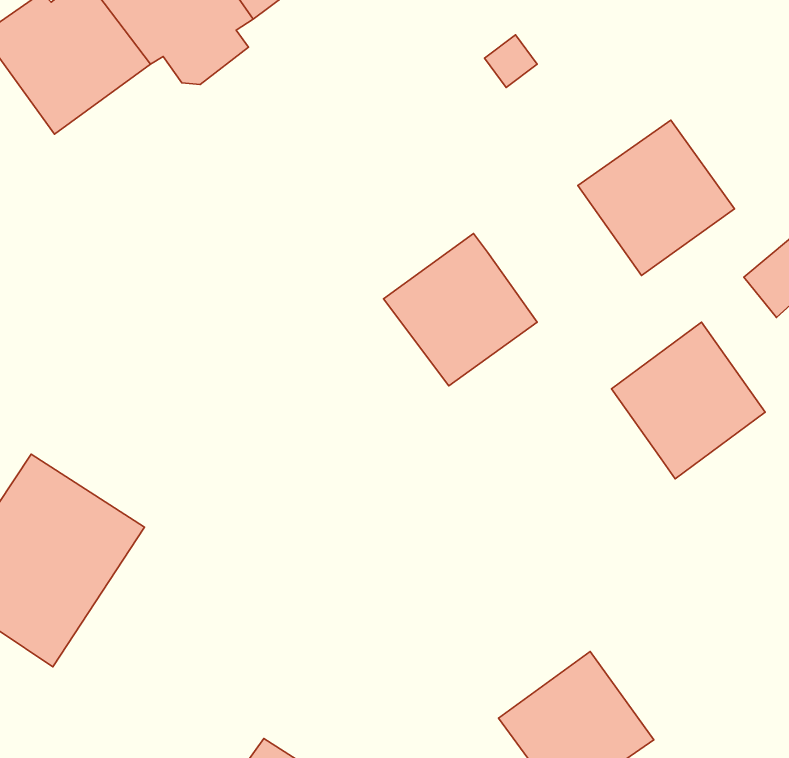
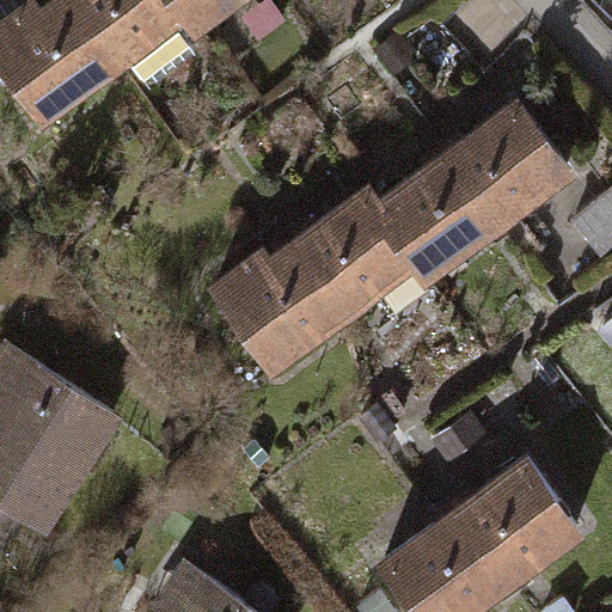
building: none -> [218,241,348,363]
building: [611,322,765,479] -> [378,154,496,275]
building: none -> [449,461,577,581]

